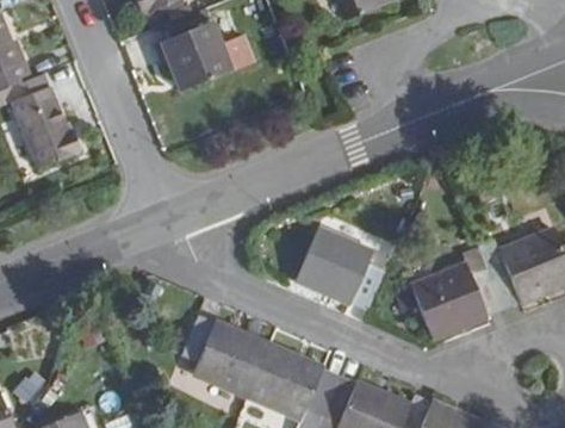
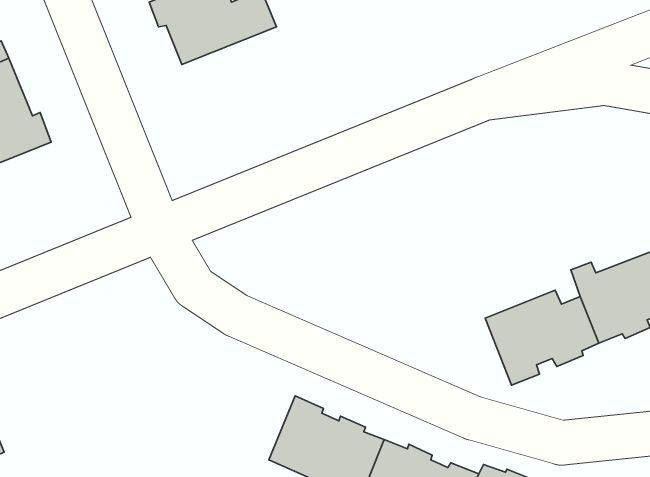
building: [297,230,384,305] -> none
building: [180,321,268,395] -> none

